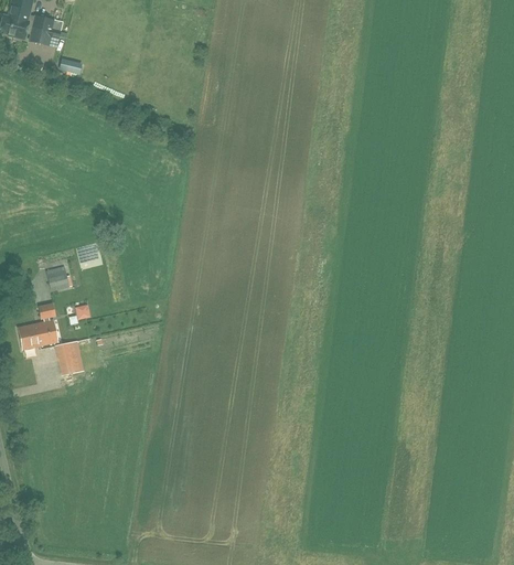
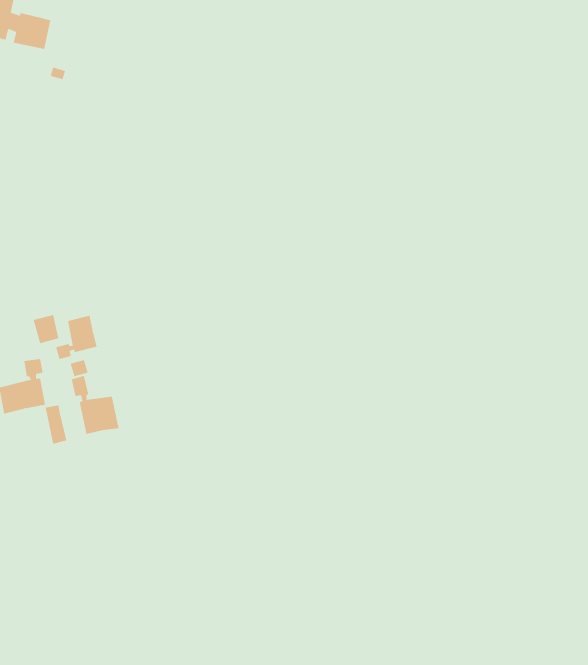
building: none -> [55,315,97,360]
building: none -> [71,375,119,435]

